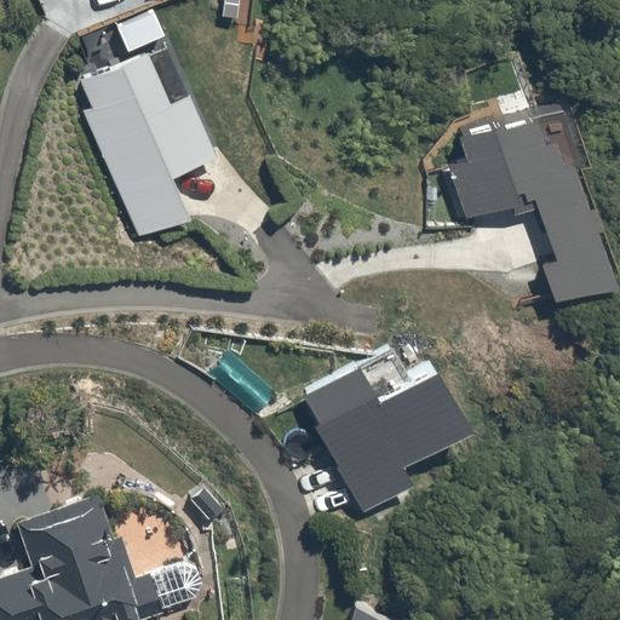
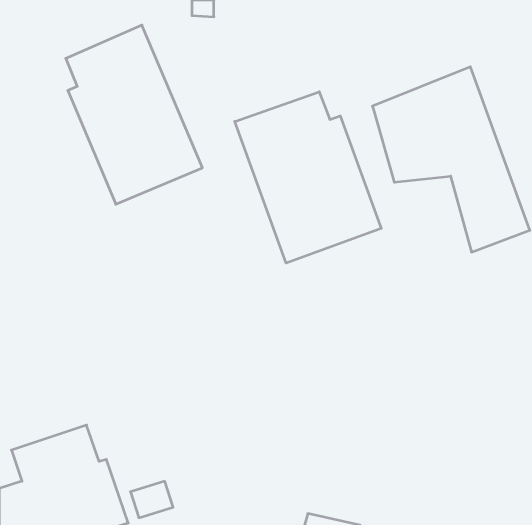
building: none -> [235,92,381,263]
building: [305,356,489,517] -> none

